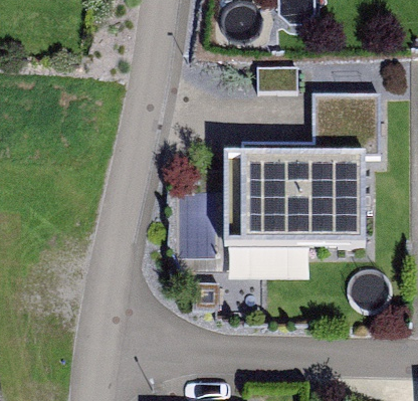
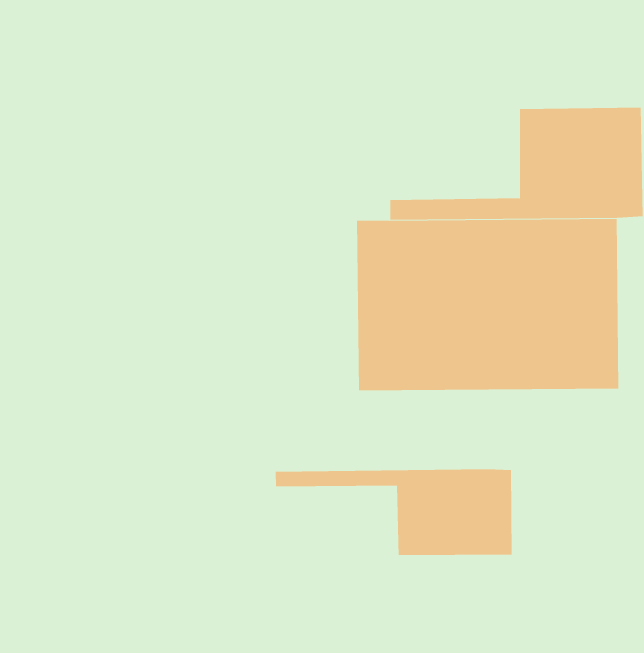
building: none -> [275,468,512,556]

